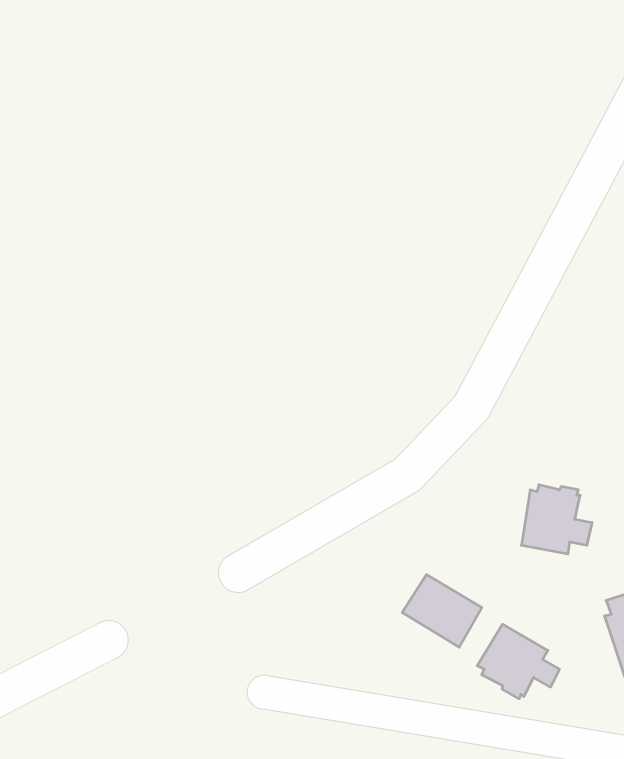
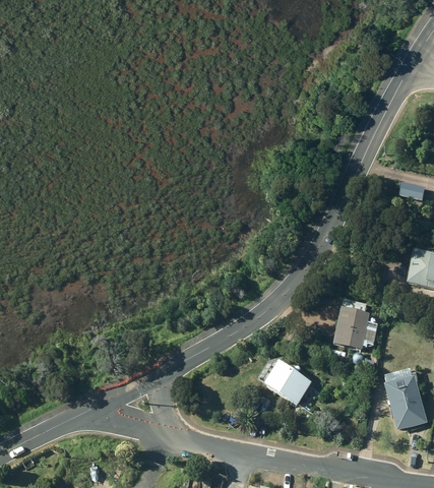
building: [477,624,559,699] -> none

